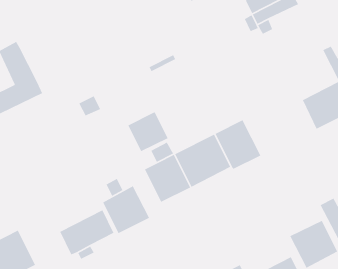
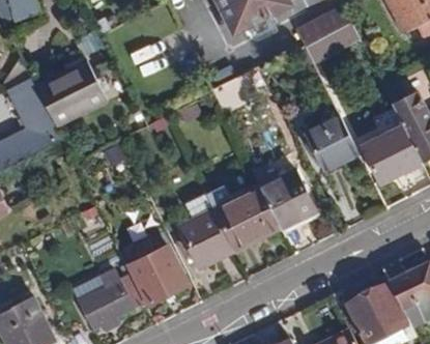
building: none -> [34,60,105,125]
building: none -> [309,117,352,166]
building: [127,112,169,152] -> none

